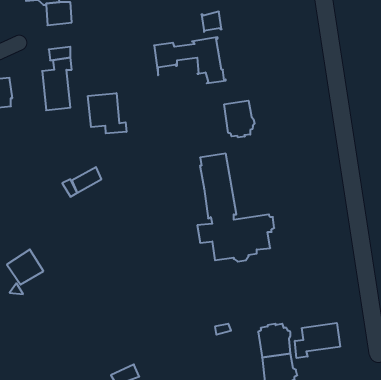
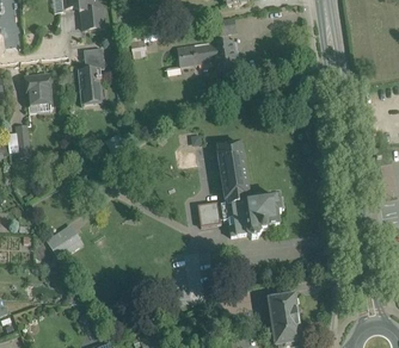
building: [88,93,126,133] -> none
building: [224,101,255,137] -> none
building: [295,323,340,358] -> none

